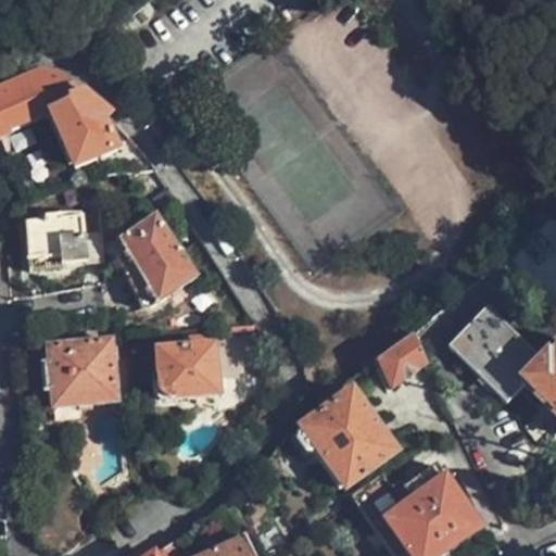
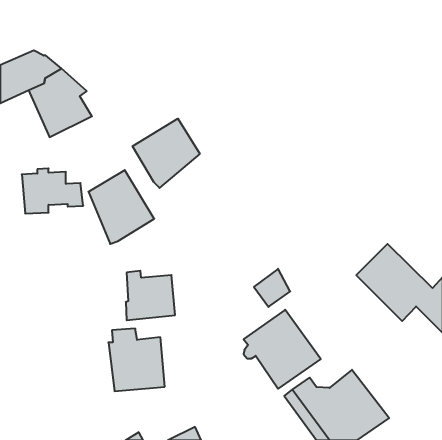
building: none -> [133,119,200,188]
building: [50,328,121,406] -> [108,329,165,391]
building: [378,337,424,384] -> [254,269,290,307]

